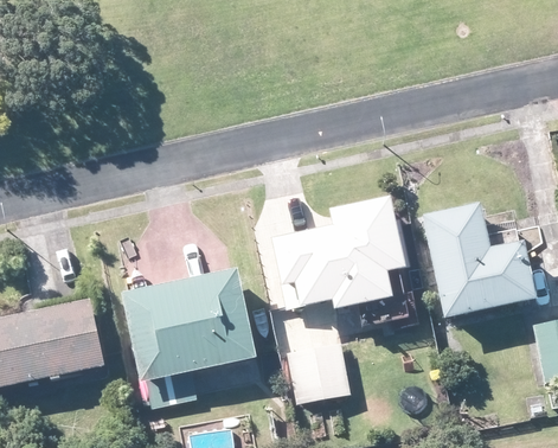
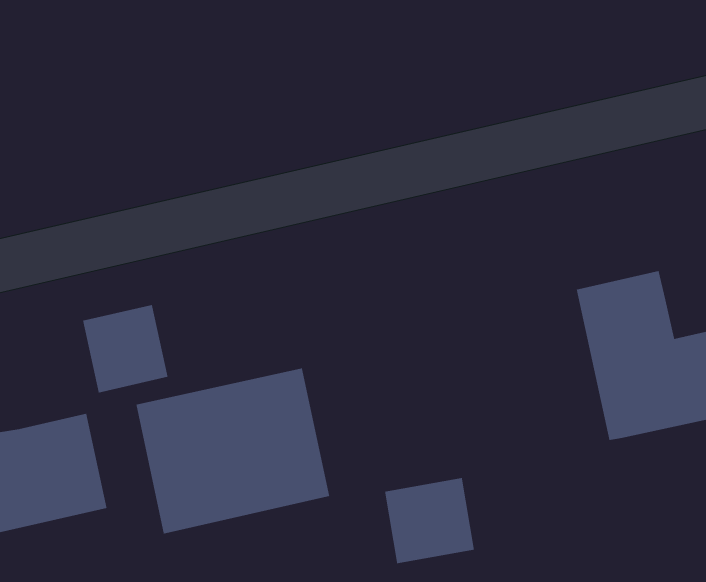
building: [277,209,406,320] -> none
building: none -> [82,304,168,393]

